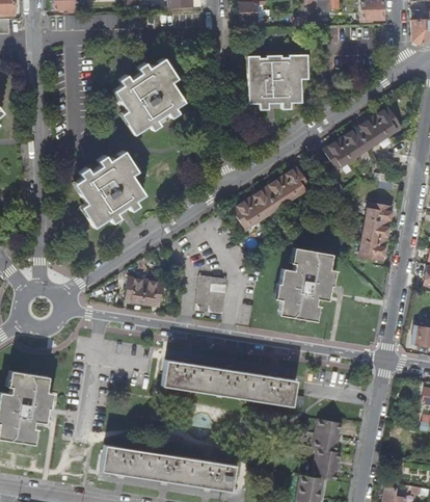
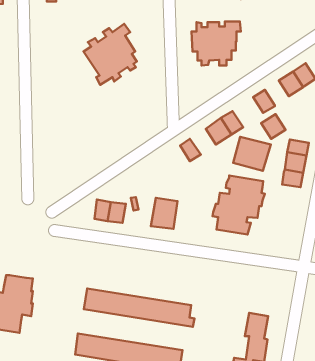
building: [338,128,368,159] -> [261,114,285,139]
building: [79,149,141,227] -> none
building: [244,188,276,220] -> none
building: none -> [233,137,271,171]
building: [162,359,300,406] -> [84,288,195,327]

